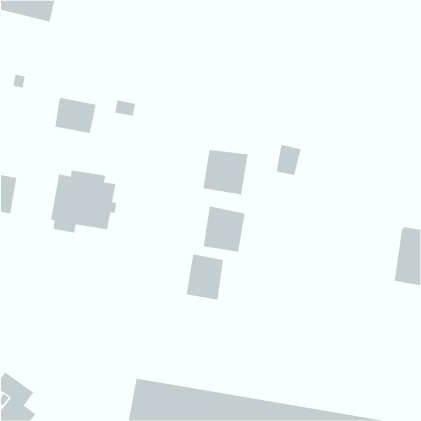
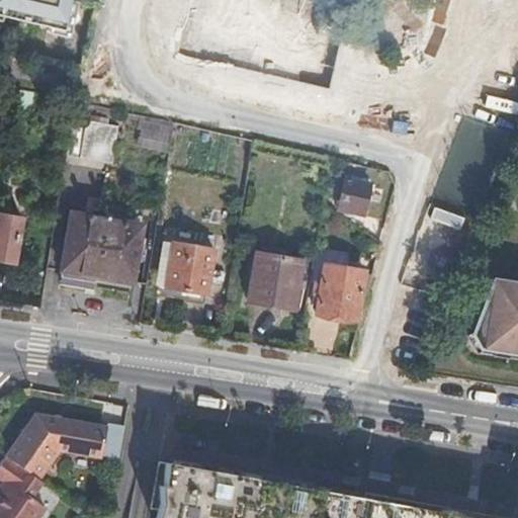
building: [203,149,248,195] -> none
building: none -> [167,243,213,295]
building: [186,254,224,300] -> [317,265,363,322]
building: none -> [6,417,125,480]

